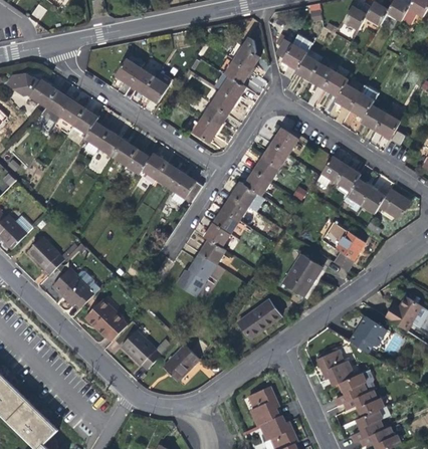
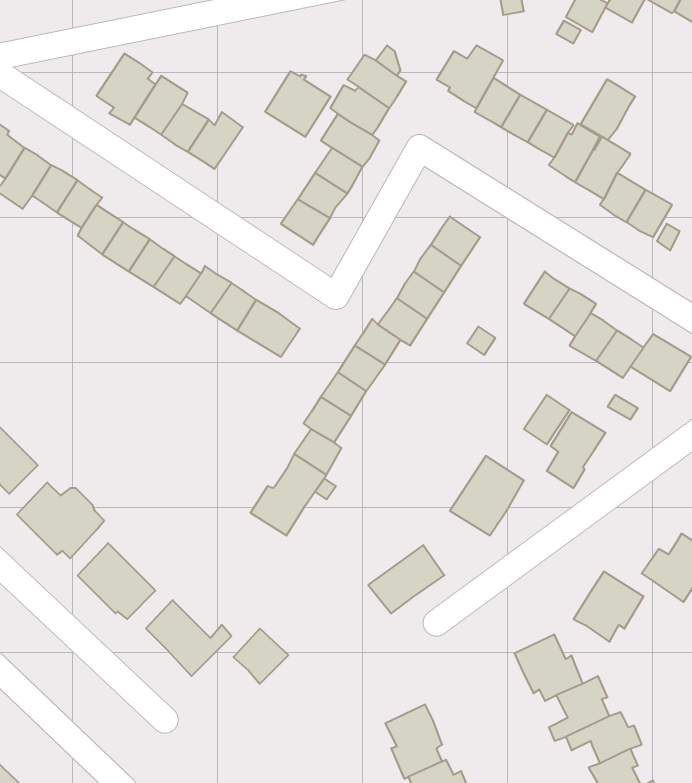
building: none -> [96,53,156,125]
building: none -> [265,71,331,137]
building: none -> [581,79,635,140]

